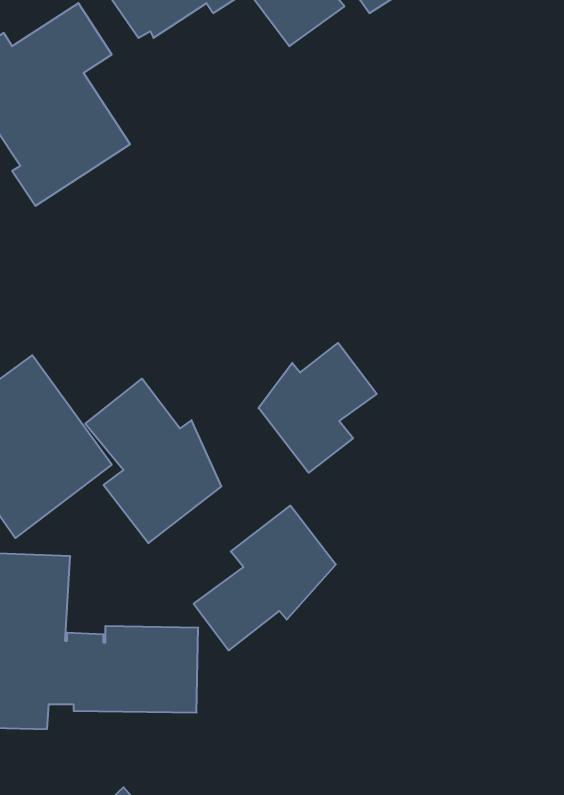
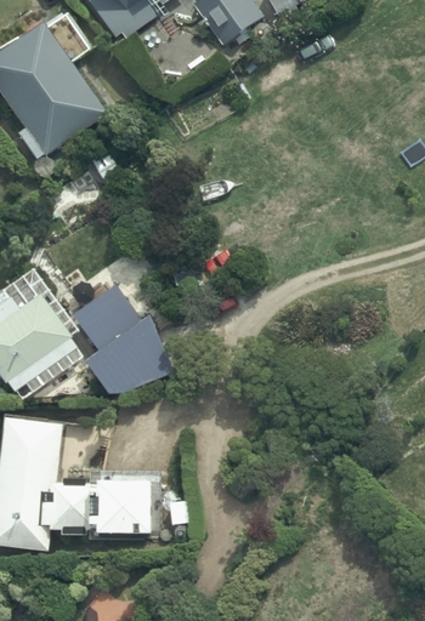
building: [258,343,377,473] -> none
building: [194,506,336,650] -> none

